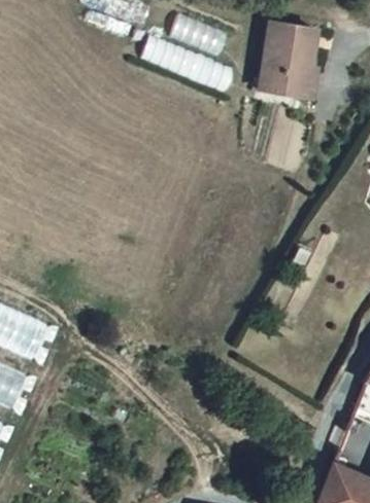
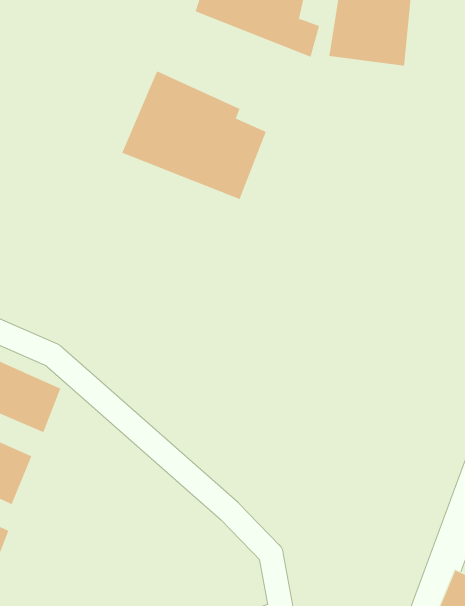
building: none -> [121,70,267,200]

